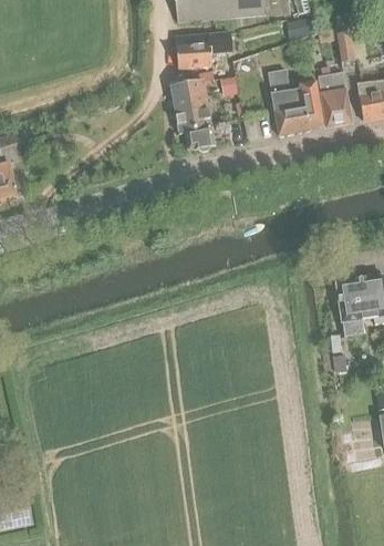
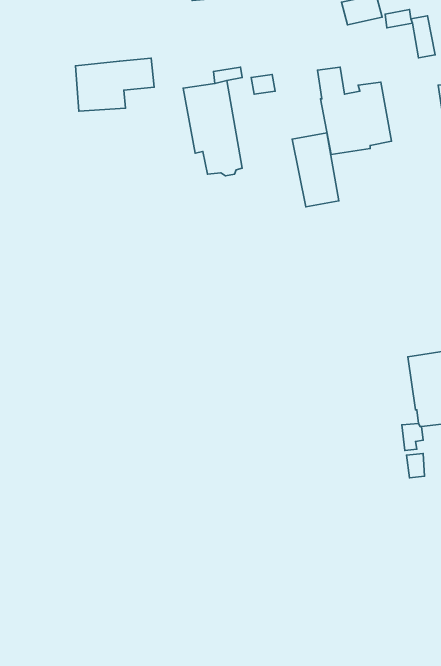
building: [176,30,233,69] -> [76,58,154,111]
building: [316,71,351,125] -> [292,133,339,207]

